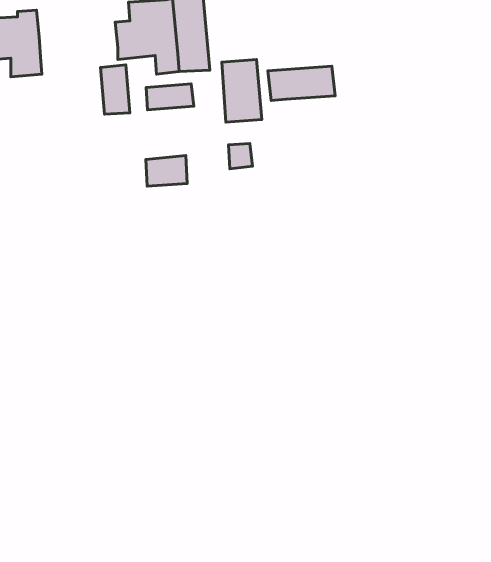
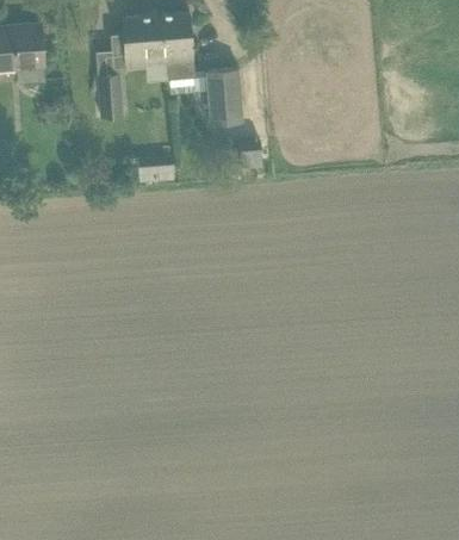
building: [268,66,335,100] -> none
building: [146,84,194,110] -> none

